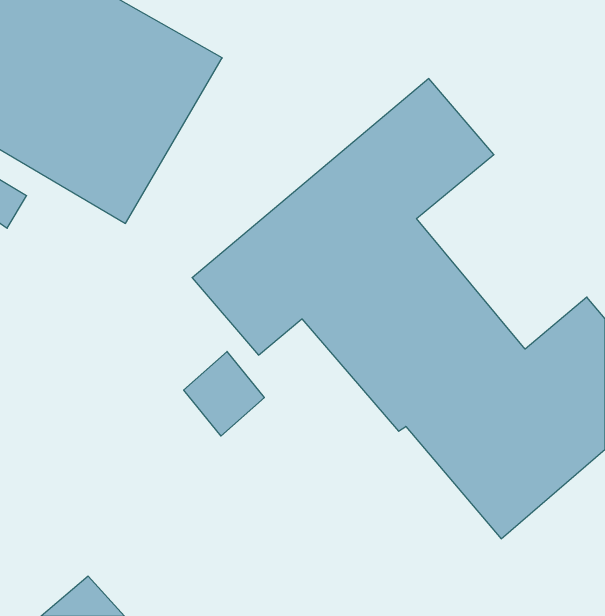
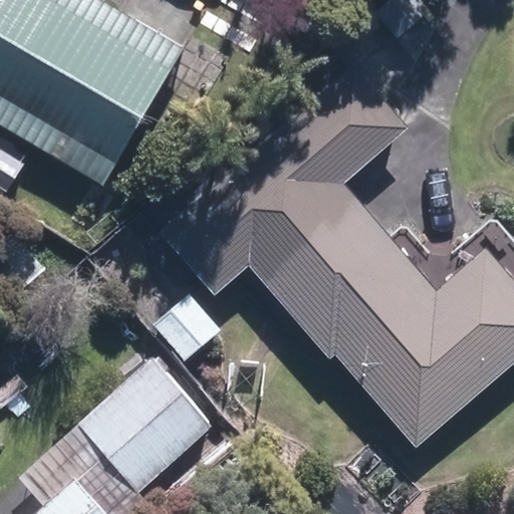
building: none -> [75,358,212,493]

